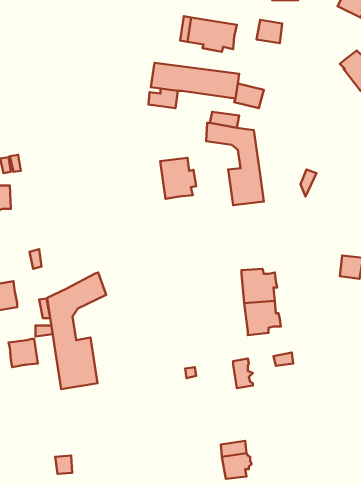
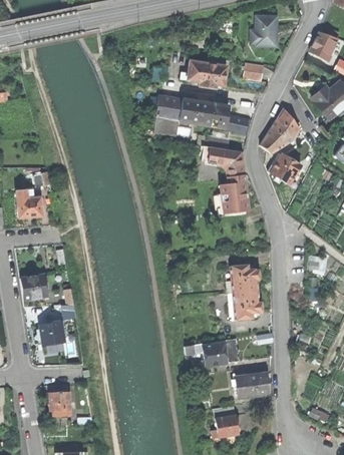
building: none -> [260,108,299,152]
building: none -> [271,153,300,182]
building: [160,158,196,199] -> none
building: [47,273,106,389] -> none
building: none -> [203,343,227,365]
building: none -> [236,373,267,396]
building: none -> [49,392,70,415]

